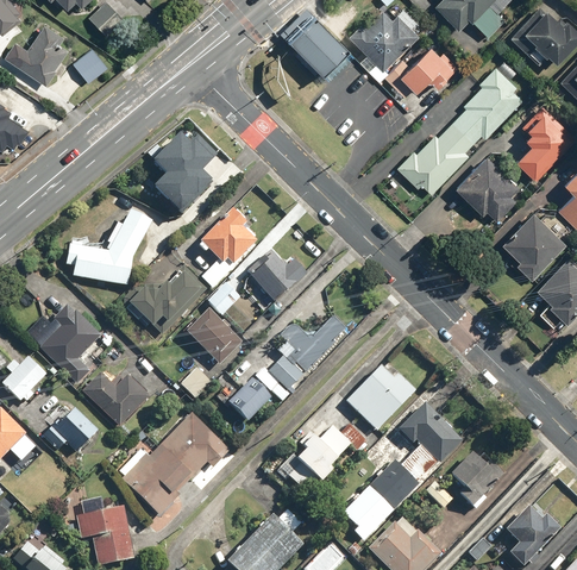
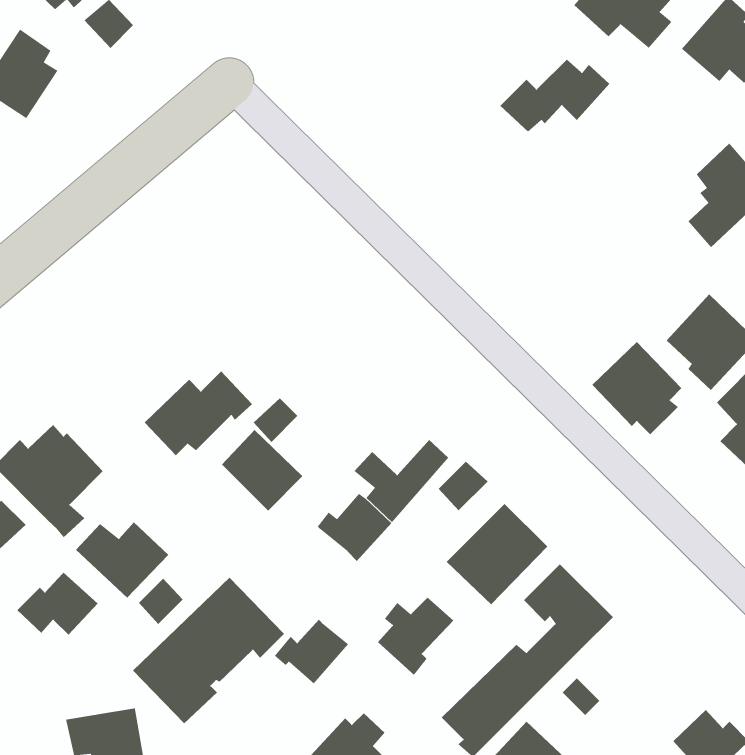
building: [349,7,419,80] -> none
building: [284,13,347,76] -> none
building: [74,46,111,84] -> none
building: [396,61,521,194] -> none
building: [152,131,217,212] -> none
building: [456,155,520,221] -> [592,341,682,435]
building: [65,208,152,286] -> none
building: [197,208,257,289] -> none
building: [246,249,307,302] -> none
building: none -> [438,461,488,511]
building: [181,367,213,400] -> [138,578,183,625]
building: [221,376,275,422] -> [274,619,349,684]
building: [451,450,506,509] -> none

